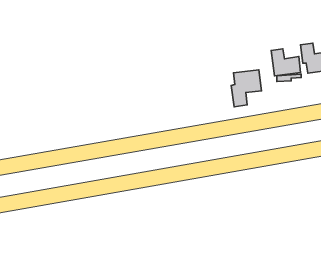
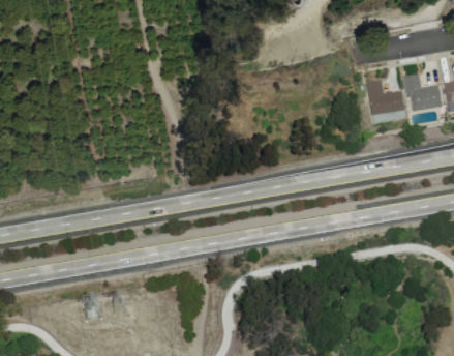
building: [231,70,262,107] -> none

